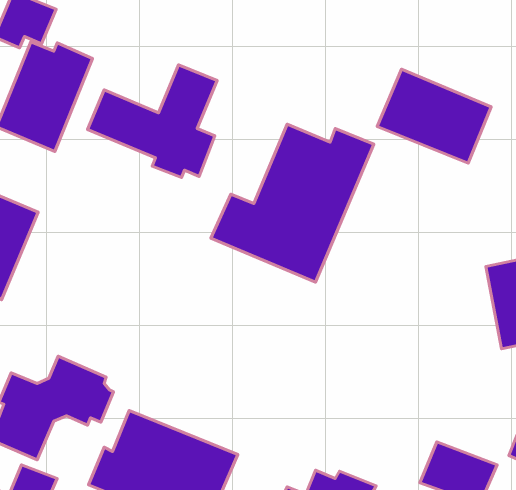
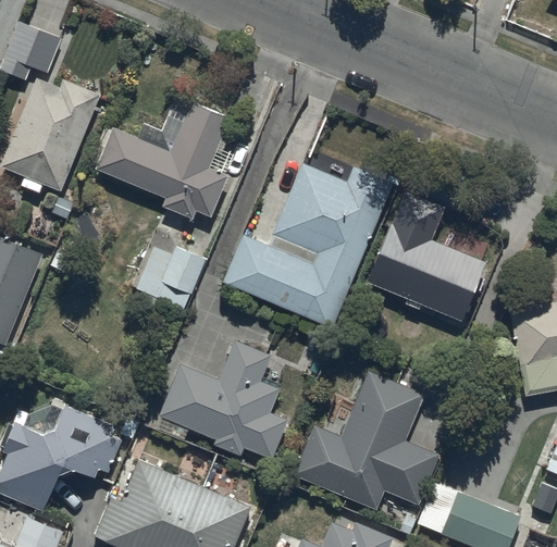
building: [377,69,491,163] -> [367,222,485,320]
building: none -> [136,247,206,309]
building: none -> [159,340,288,459]
building: none -> [293,372,440,510]

